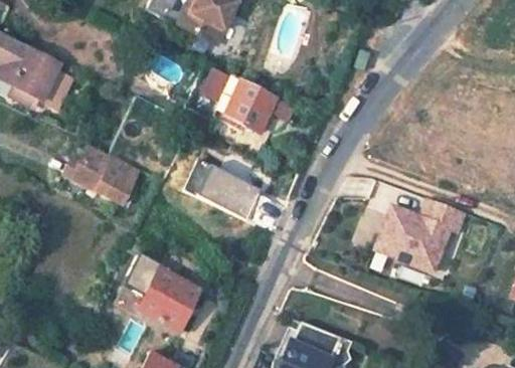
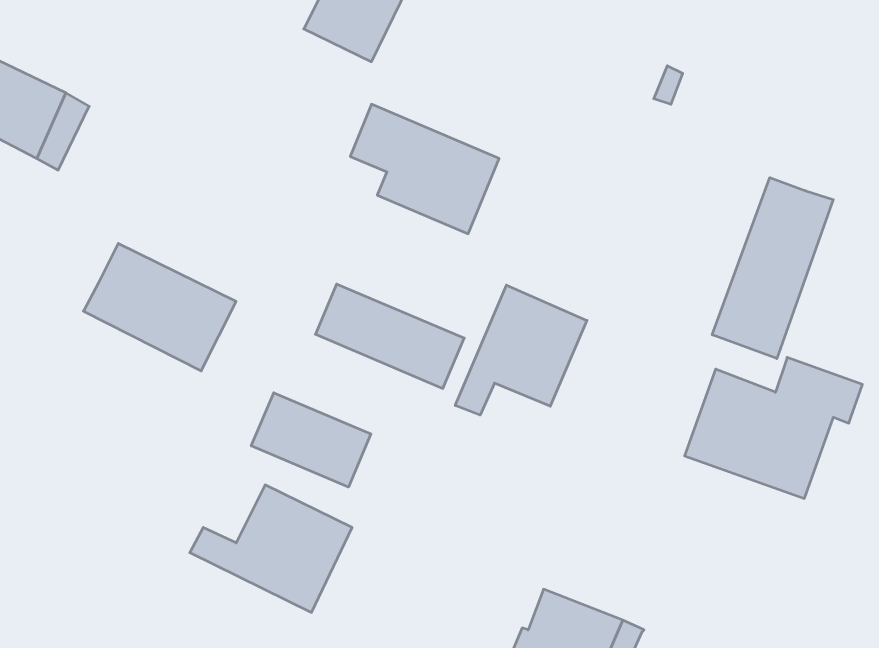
building: none -> [712,178,833,359]
building: none -> [455,285,587,415]
building: none -> [251,393,371,487]

